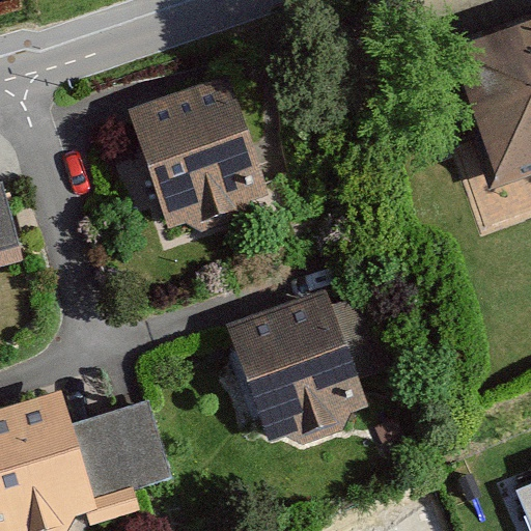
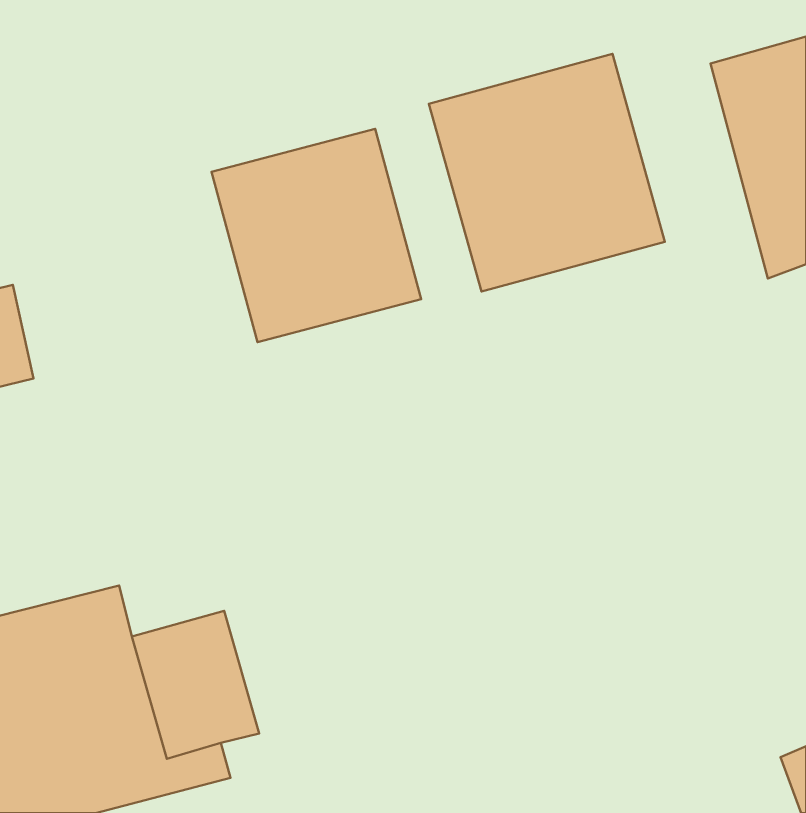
building: none -> [429,54,665,292]
building: [215,297,366,460] -> none

